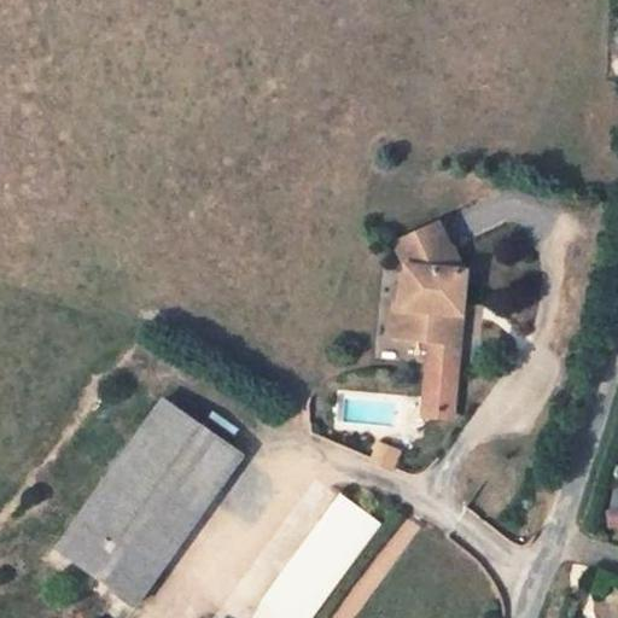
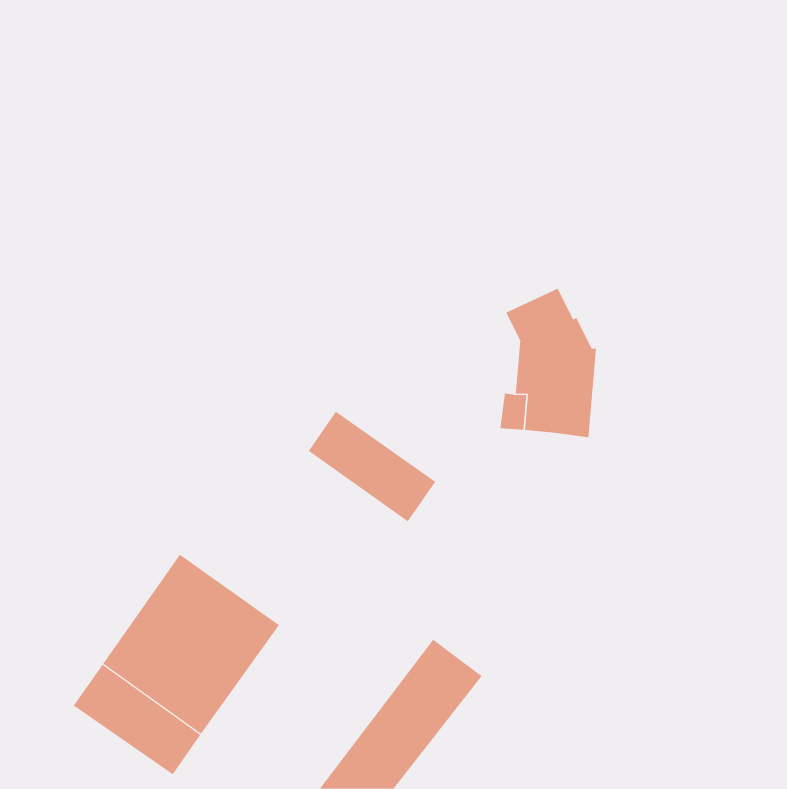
building: [427,338,460,416] -> none
building: [140,401,240,488] -> [308,411,436,522]

